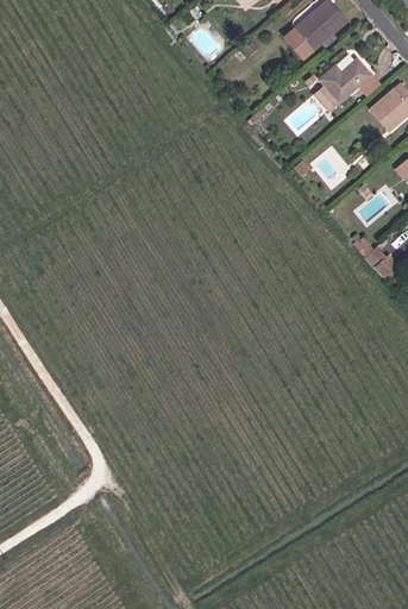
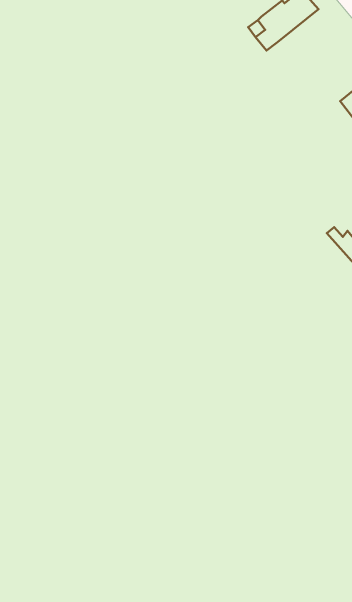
building: [318,59,368,101] -> none

